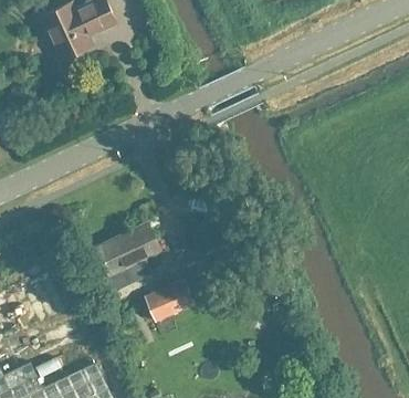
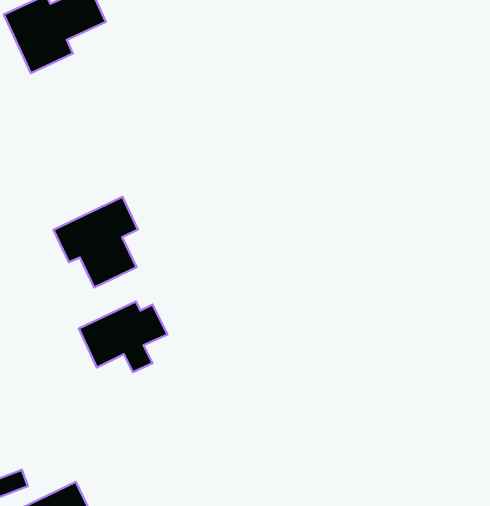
building: none -> [53,197,138,288]
building: [146,280,193,321] -> none

